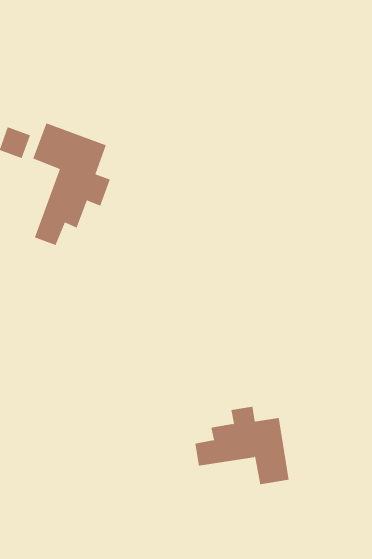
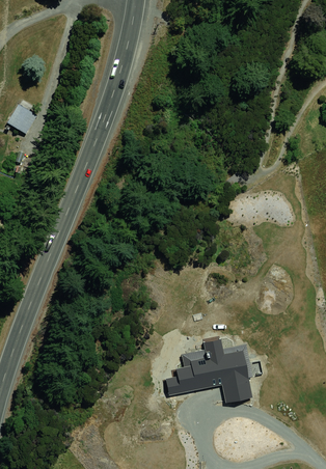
building: [33,123,111,246] -> none

